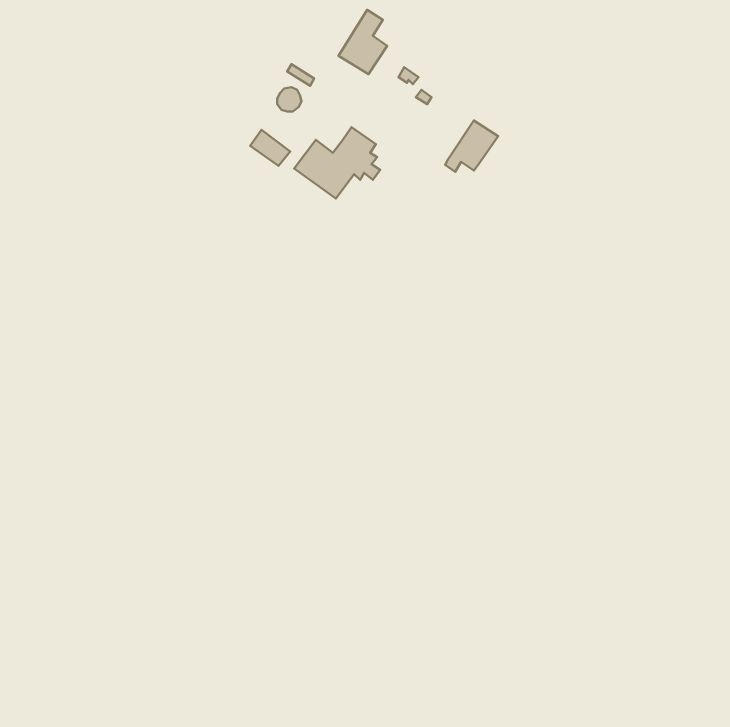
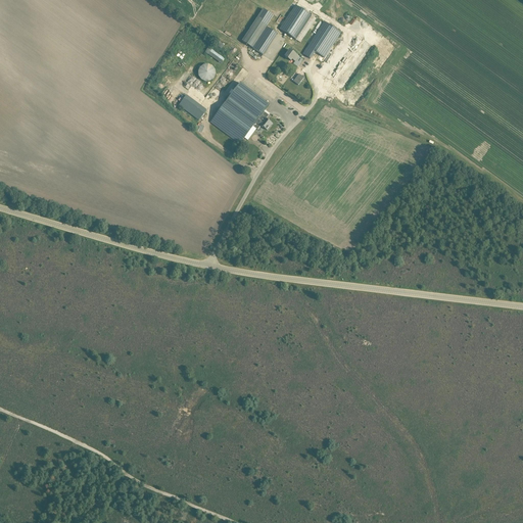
building: none -> [280,4,310,38]
building: [445,121,498,172] -> [303,20,341,57]

